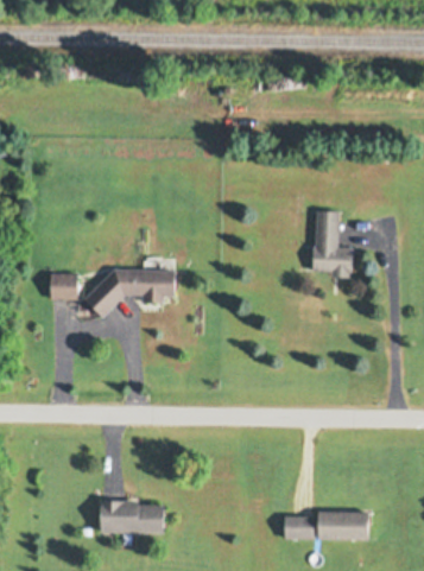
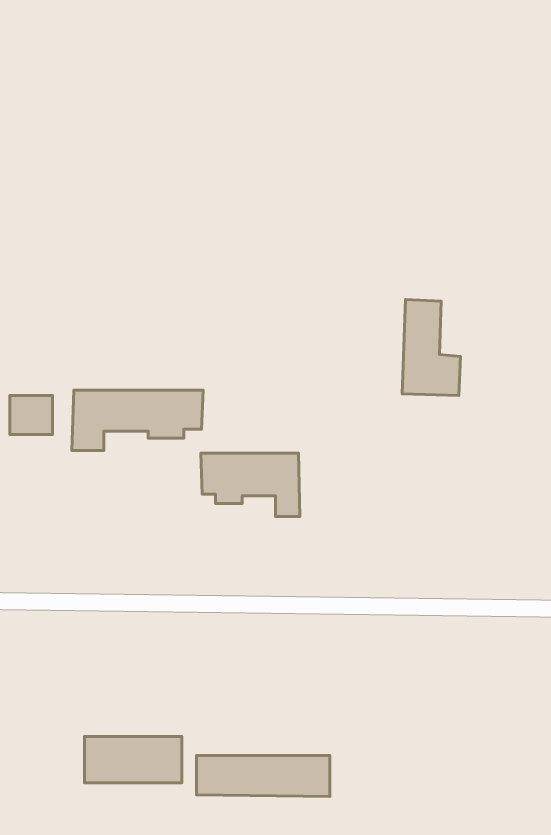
building: none -> [201,453,300,517]
building: [283,513,372,540] -> [197,756,330,796]

